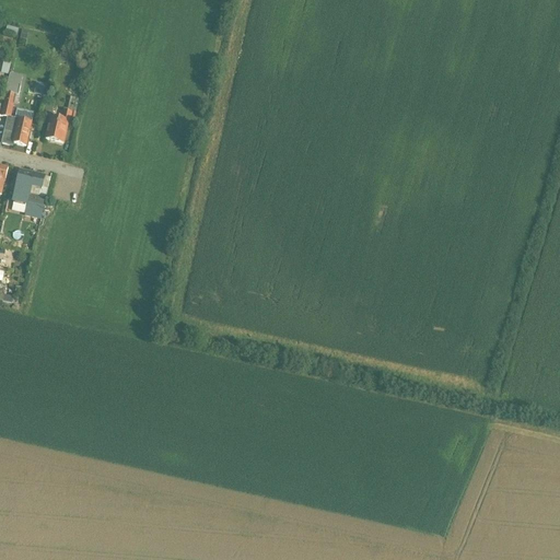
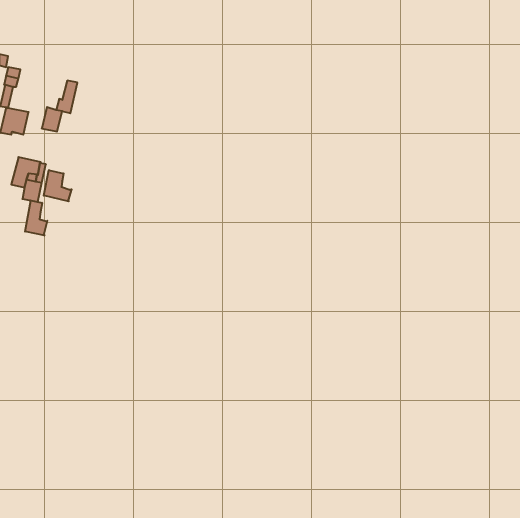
building: none -> [44,170,72,201]
building: none -> [25,200,47,236]

